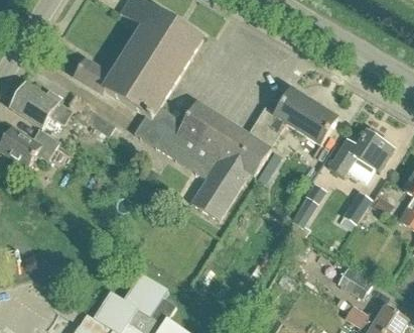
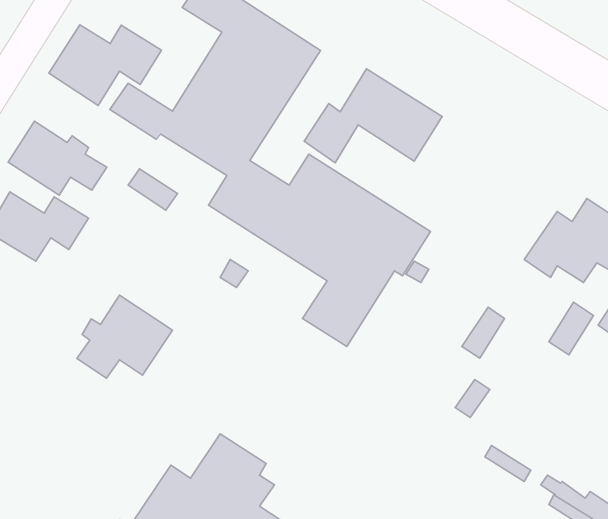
building: none -> [49,25,162,106]
building: [252,87,336,144] -> [304,69,442,163]
building: none -> [77,295,172,378]
building: [336,266,372,299] -> none

